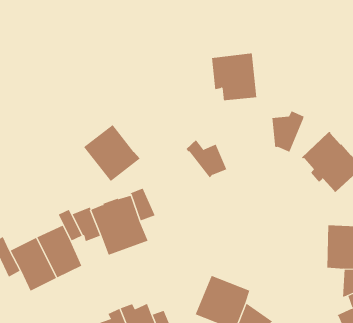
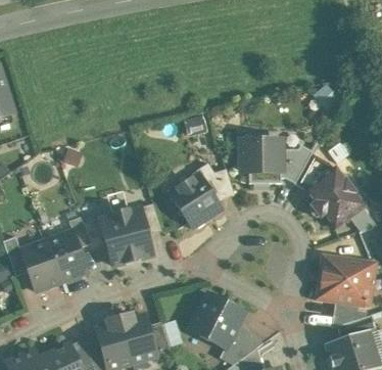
building: [211,53,257,101] -> [241,140,281,183]
building: none -> [295,153,333,190]
building: [83,125,140,182] -> [169,174,222,228]

